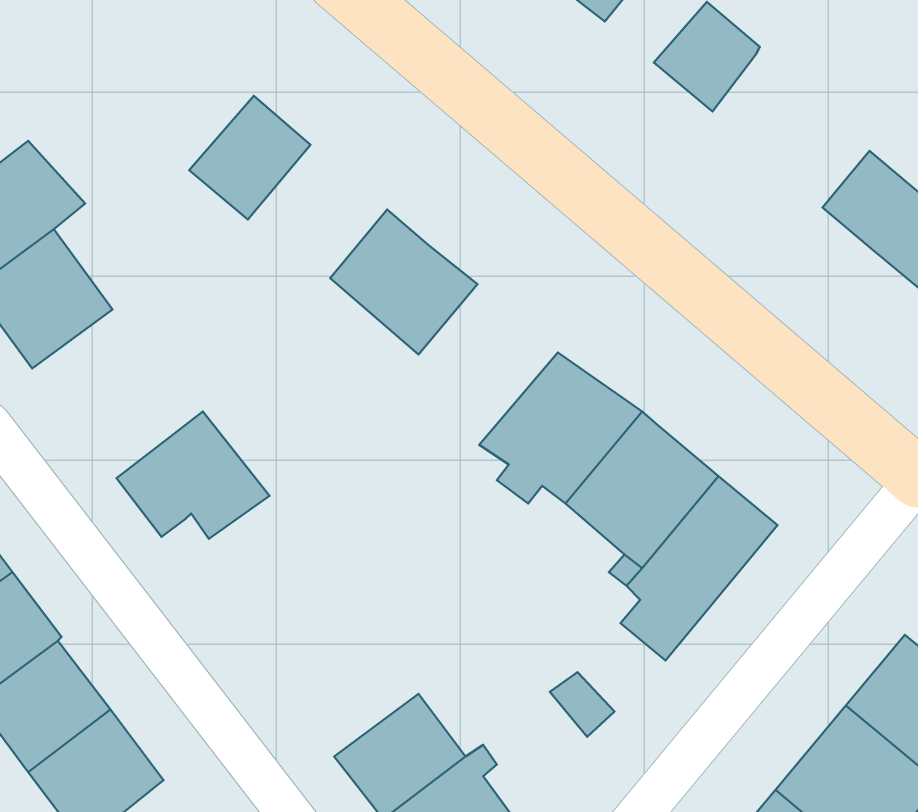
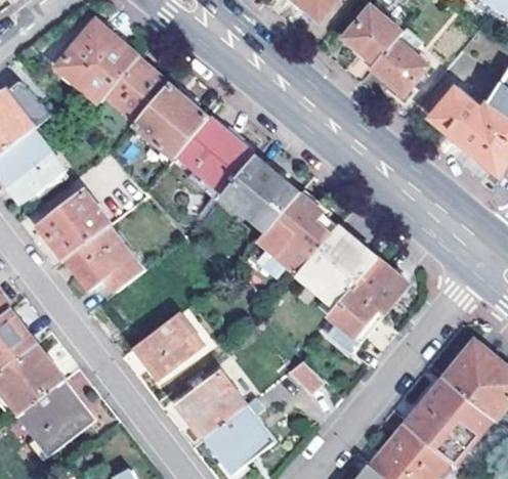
building: none -> [57,24,135,101]
building: none -> [375,37,429,92]
building: none -> [131,84,205,158]
building: none -> [217,157,294,234]
building: none -> [39,191,109,258]
building: none -> [133,312,204,379]

